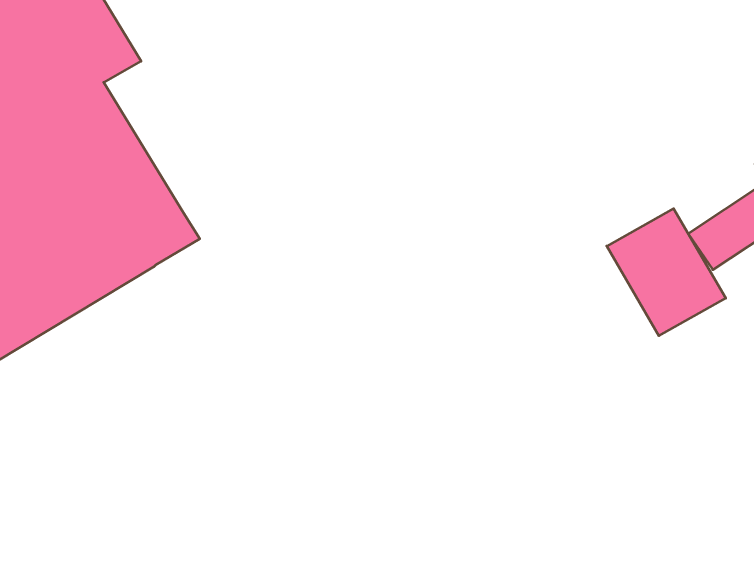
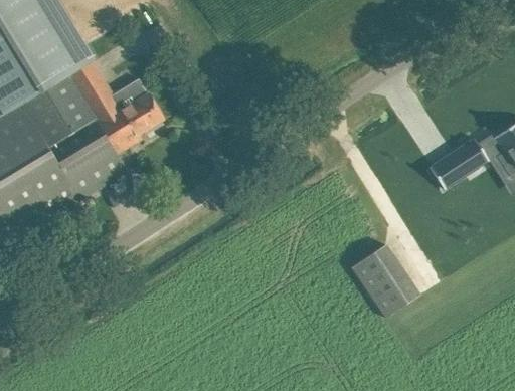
building: none -> [67,58,164,153]
building: [607,209,726,336] -> [353,241,426,320]

